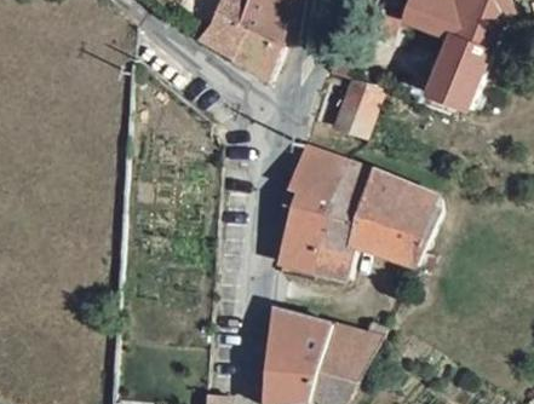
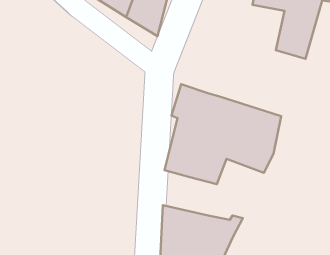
building: [325,91,373,142] -> none

